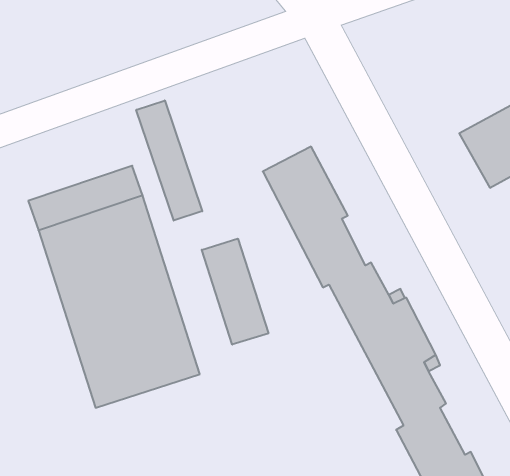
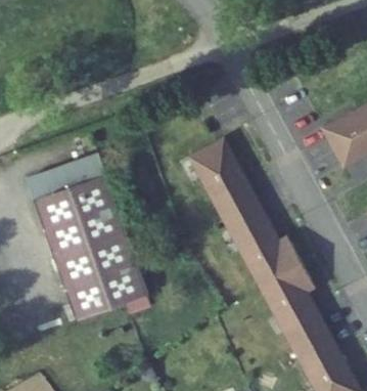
building: [136,100,202,221] -> none
building: [202,239,268,345] -> none

